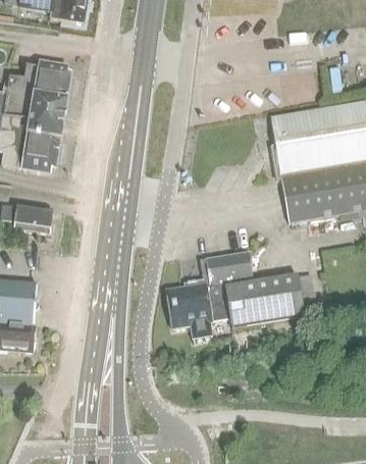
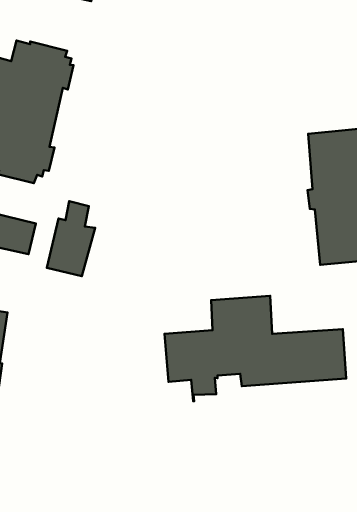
building: none -> [47,201,95,276]

